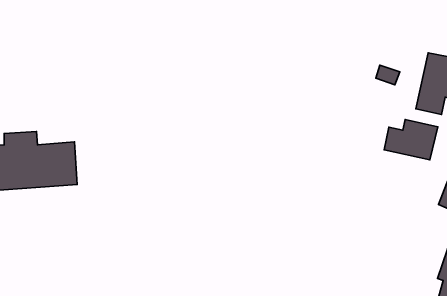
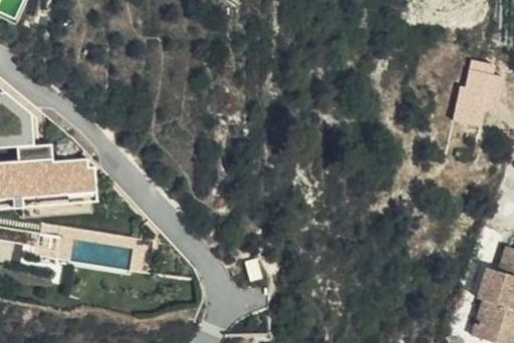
building: [384,119,438,160] -> none

